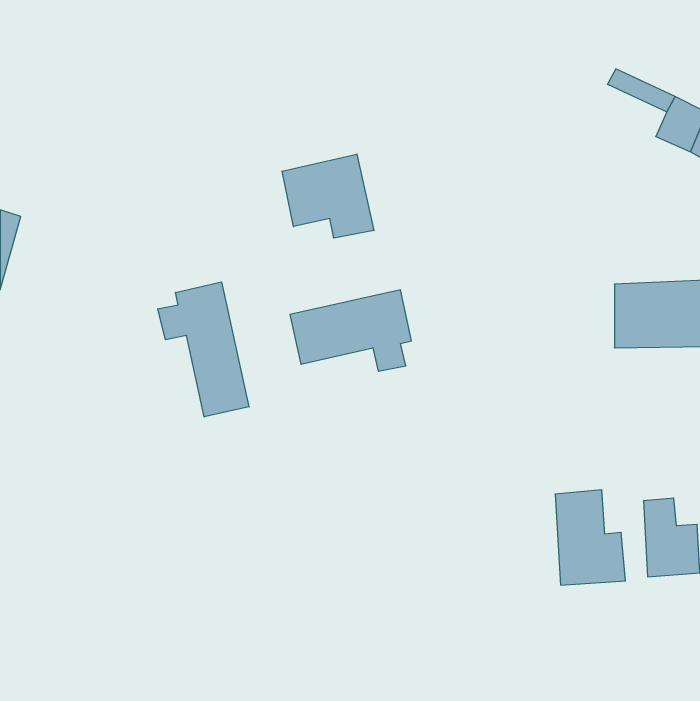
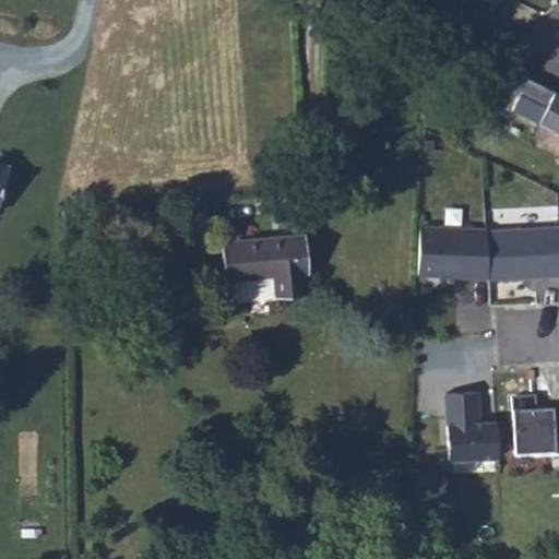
building: [282,154,374,238] -> none
building: [158,282,249,417] -> none
building: none -> [416,227,490,278]

